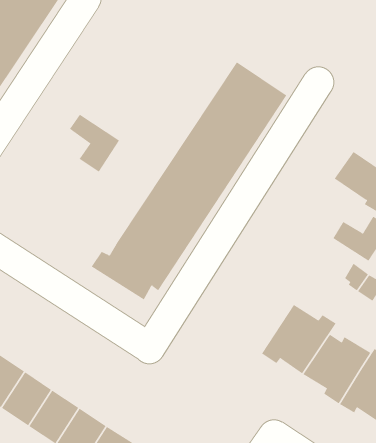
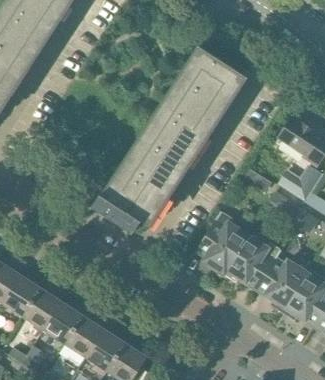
building: [69,114,120,173] -> none
building: none -> [194,212,248,274]

